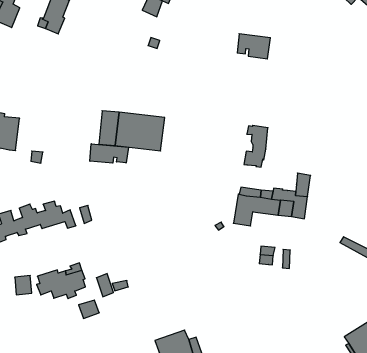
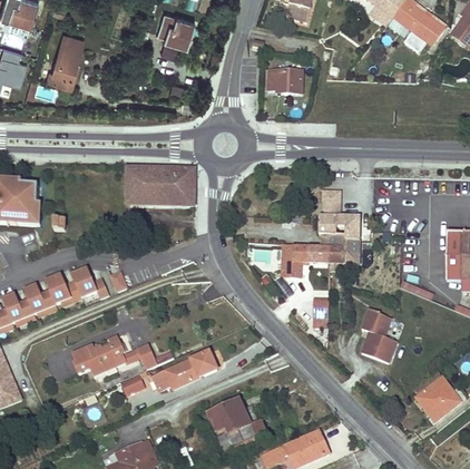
building: [244,125,268,167] -> [317,189,340,234]
building: [90,144,128,163] -> none
building: none -> [361,307,396,362]
building: none -> [153,351,217,390]

